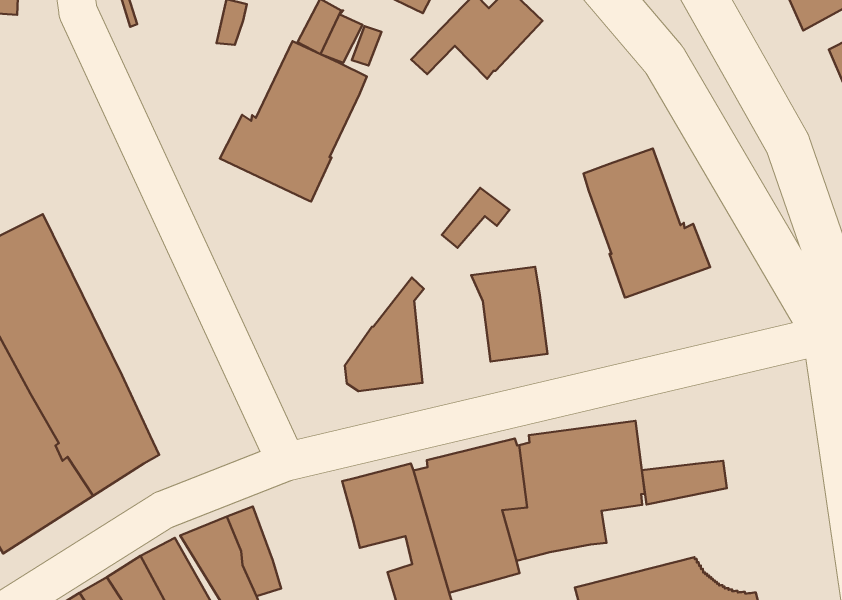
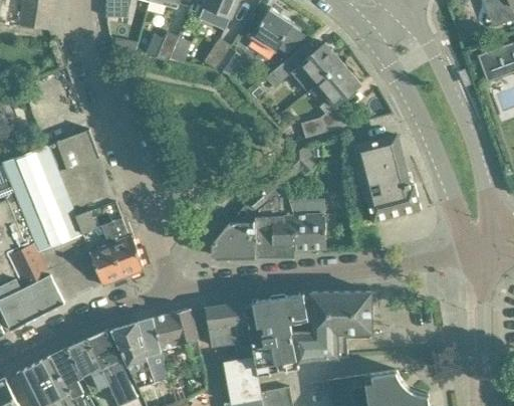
building: none -> [301,62,360,137]
building: [220,41,367,201] -> none
building: none -> [52,129,142,282]
building: none -> [254,182,293,257]
building: [642,461,727,505] -> none
building: none -> [153,307,200,357]

